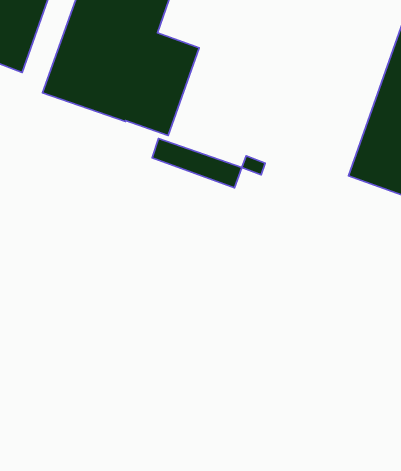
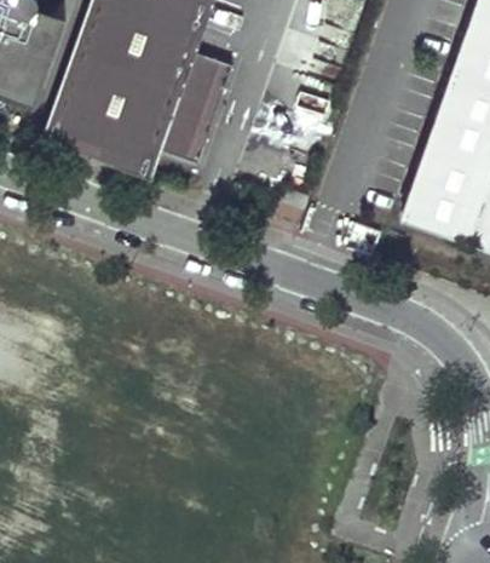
building: [152,139,242,188] -> [47,119,149,174]

